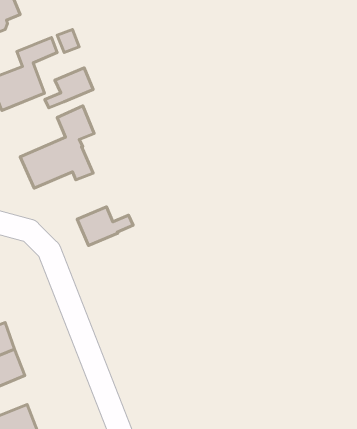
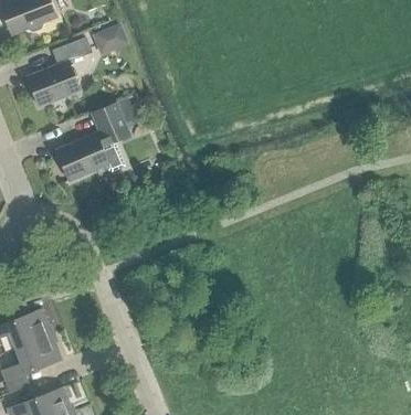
building: [45,68,93,108] -> none
building: [77,207,133,245] -> none

